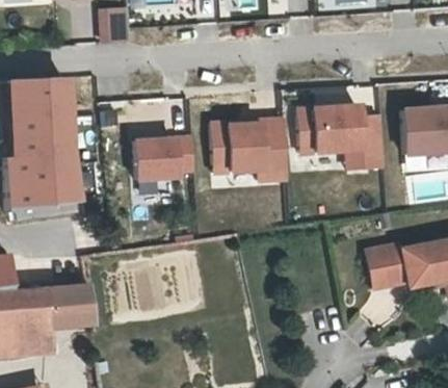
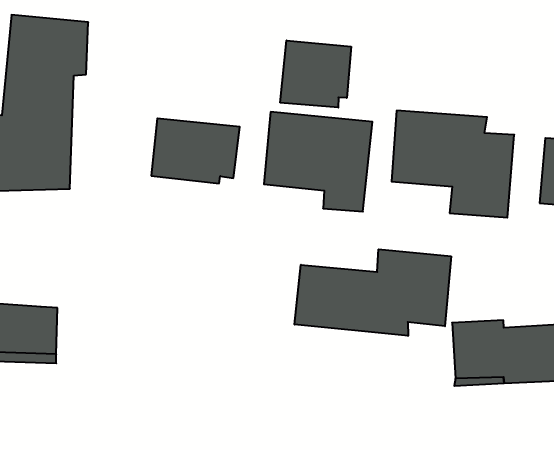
building: none -> [280,40,351,108]
building: none -> [295,249,451,336]

